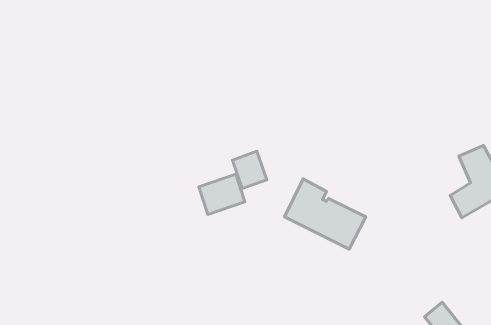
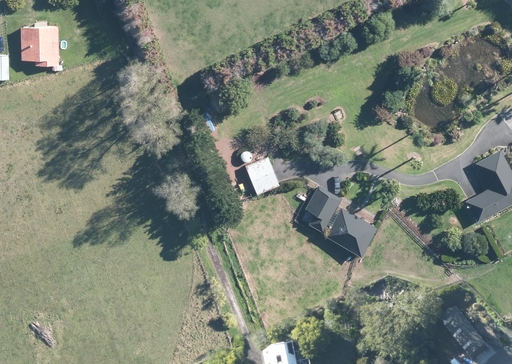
building: none -> [20,26,58,67]
building: [199,174,245,215] -> none

